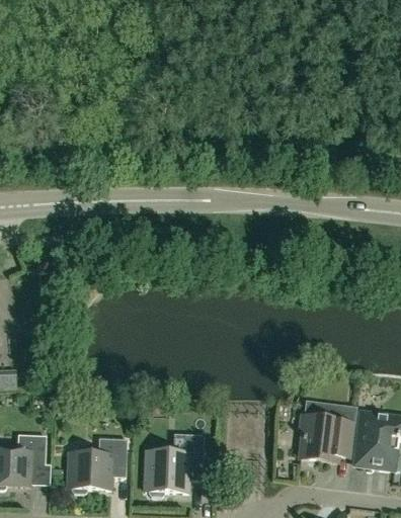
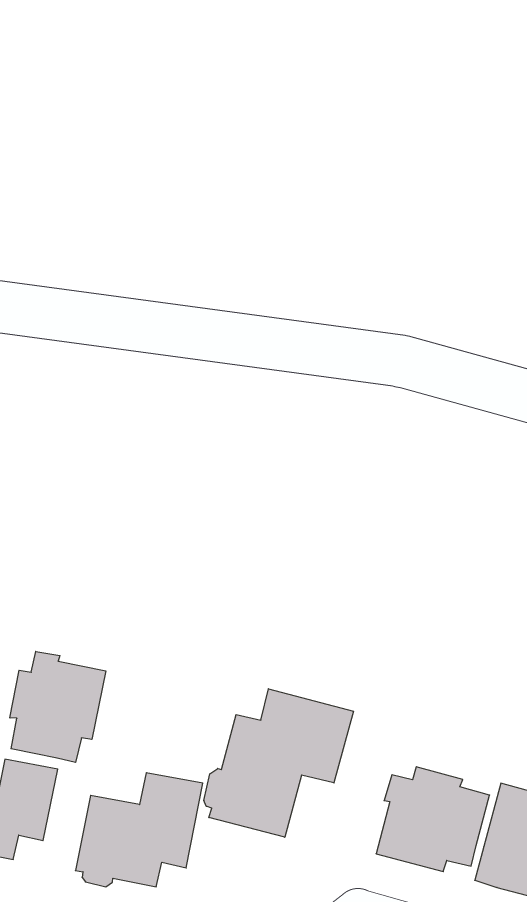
building: none -> [10,651,106,762]
building: none -> [204,689,354,837]

